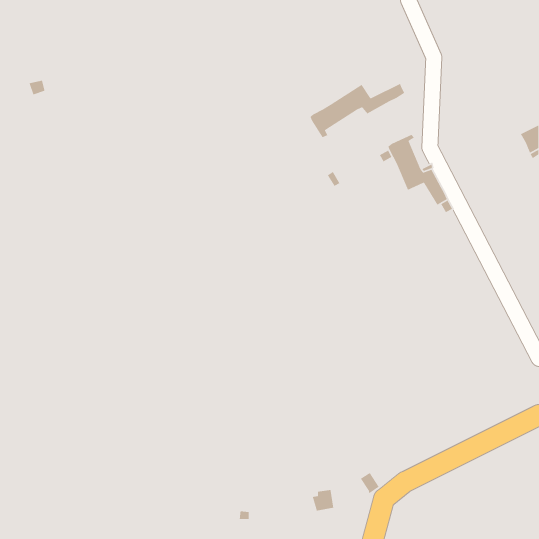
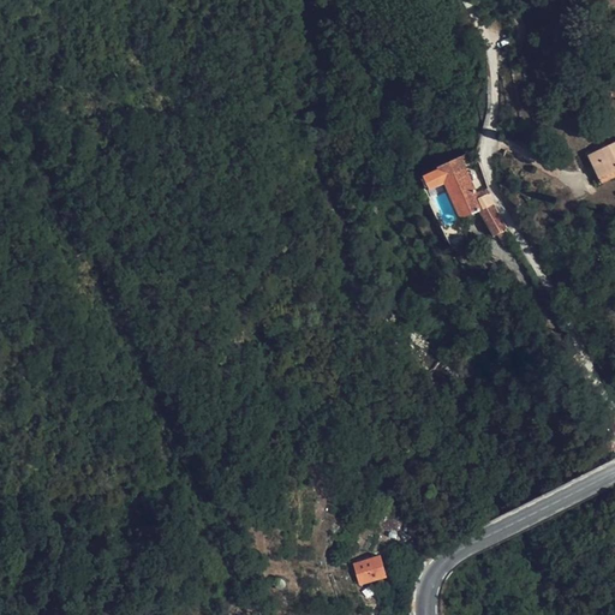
building: [309,83,405,138] -> none

